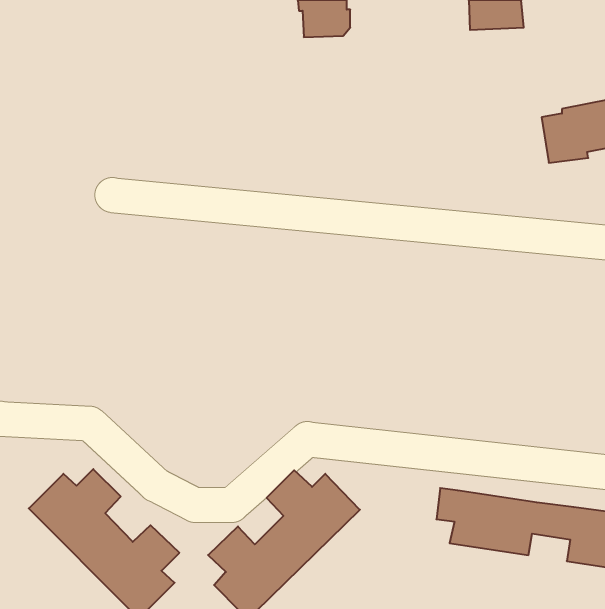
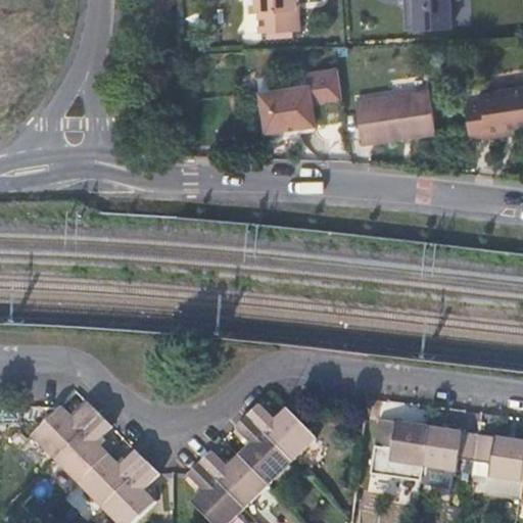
building: none -> [267,70,349,131]
building: none -> [362,77,440,130]

